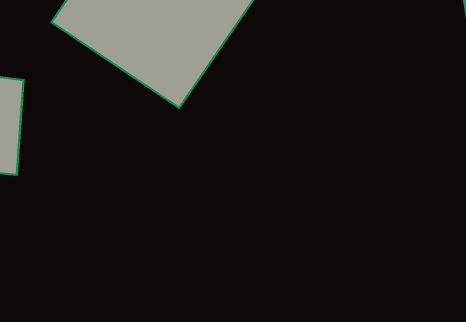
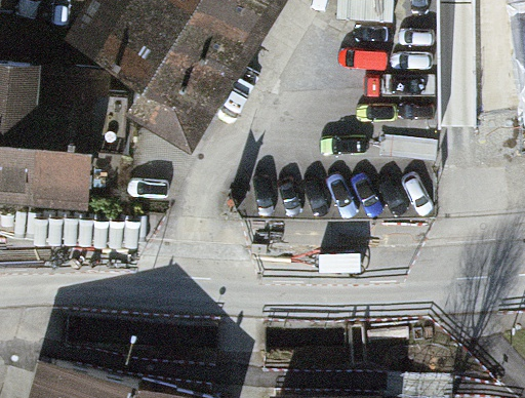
building: none -> [26,99,89,205]

